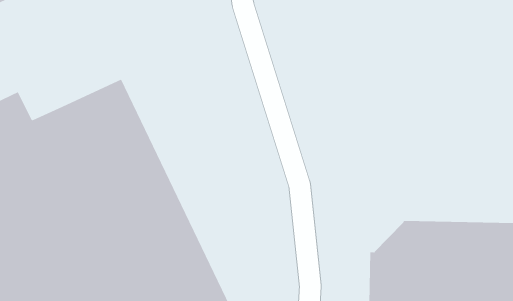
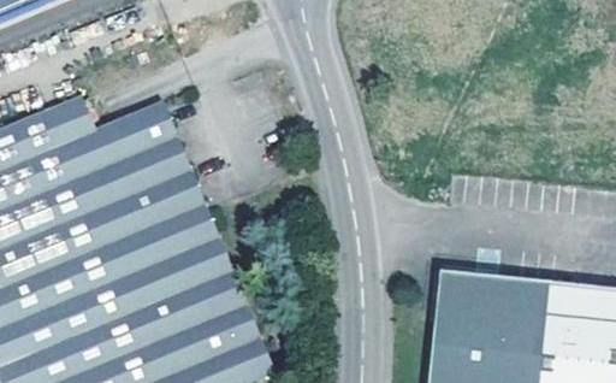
building: none -> [47,96,95,143]

